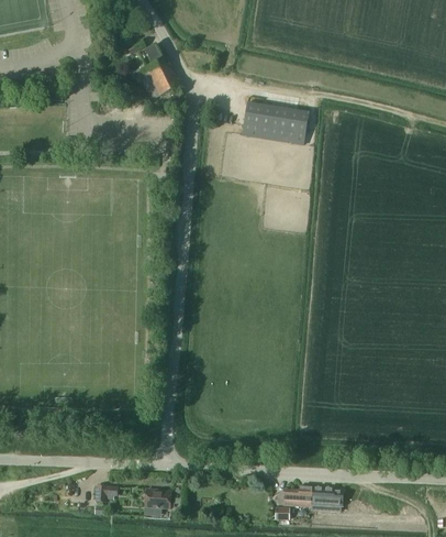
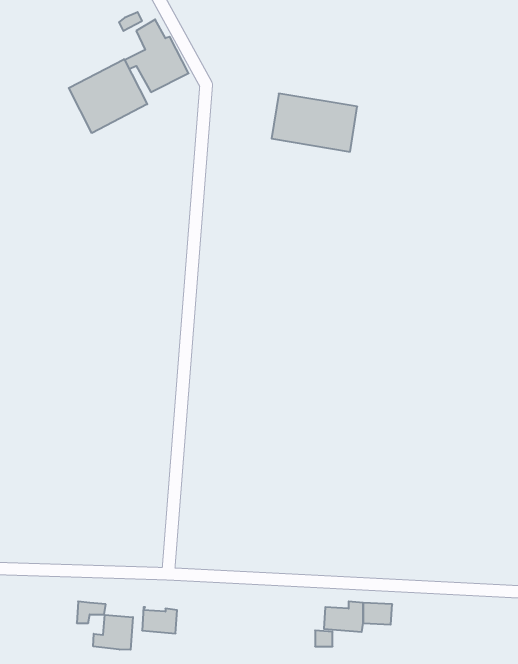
building: none -> [69,59,147,133]
building: none -> [93,615,133,650]

